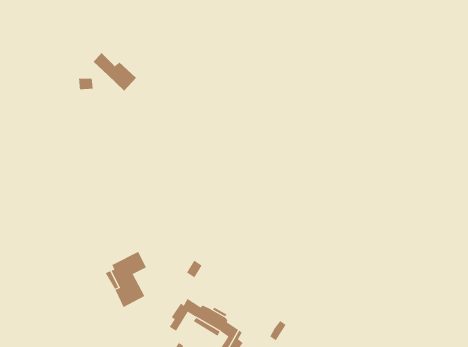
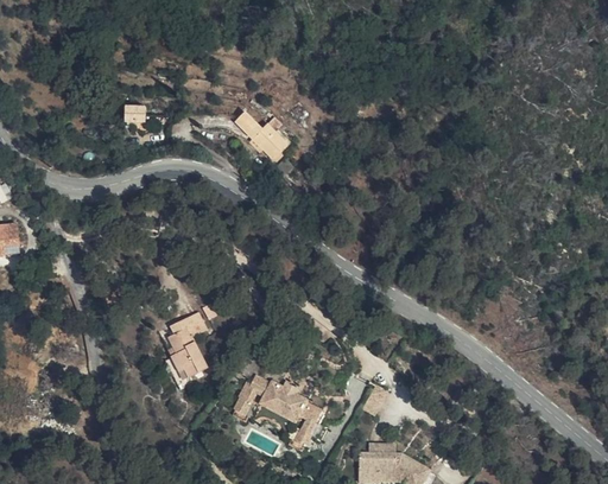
building: [93,52,137,91] -> [233,106,287,154]

